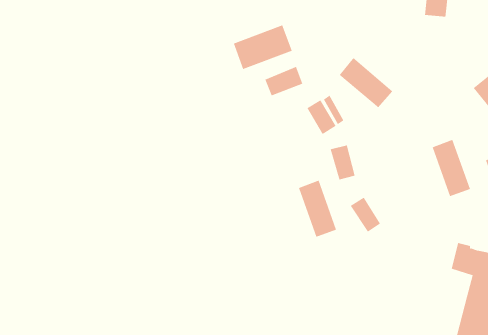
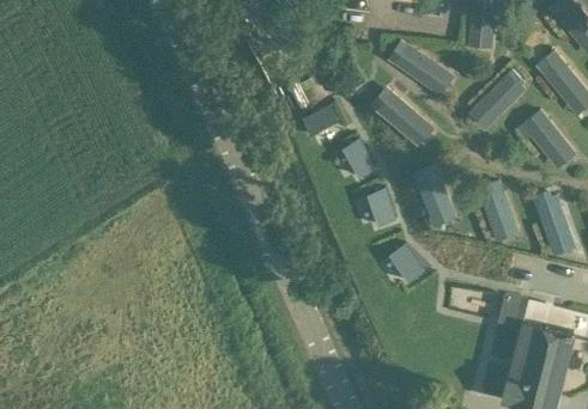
building: none -> [393,44,454,97]
building: [233,24,292,70] -> none
building: none -> [468,74,526,130]
building: [298,180,337,238] -> [413,165,455,227]

